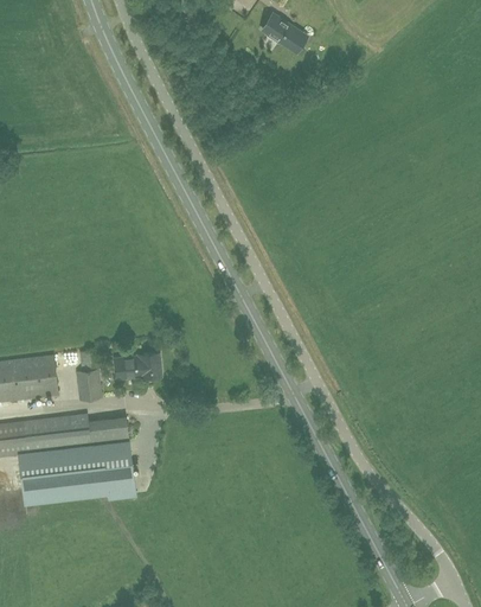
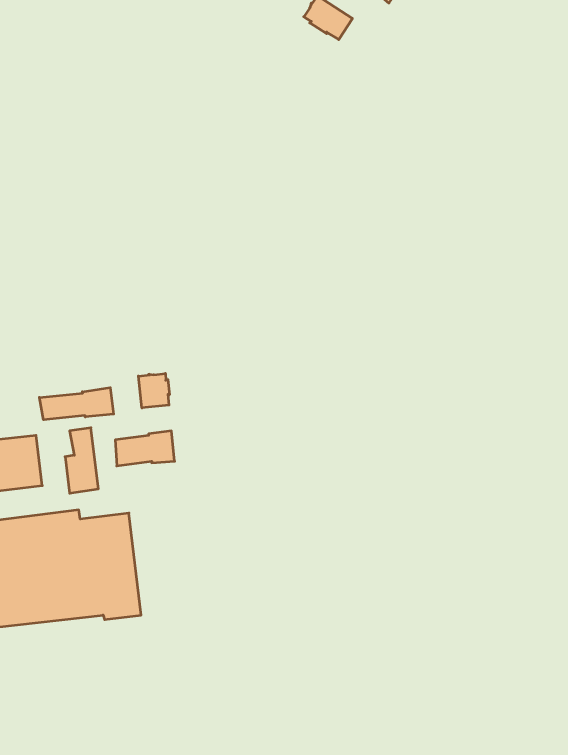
building: none -> [138,373,169,408]
building: none -> [39,388,114,420]

